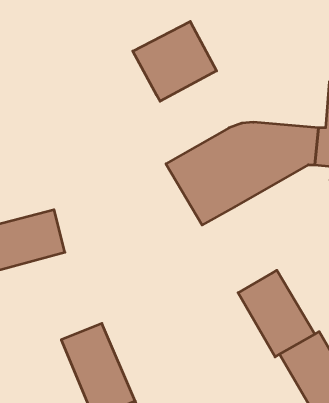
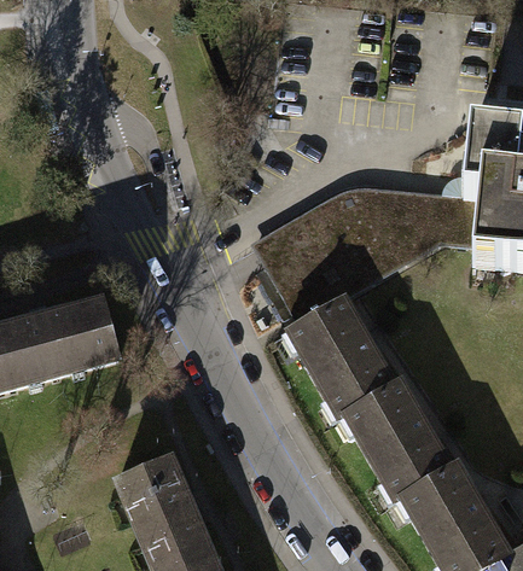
building: [133,21,217,101] -> none
building: none -> [291,301,395,419]

